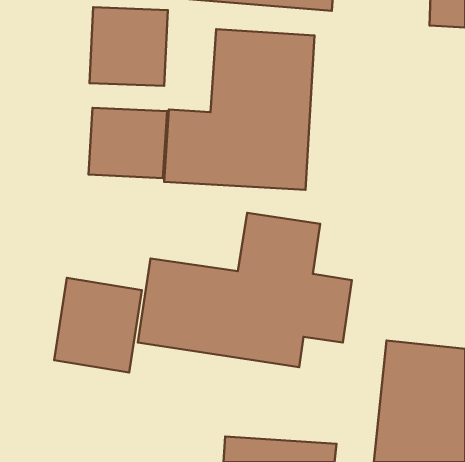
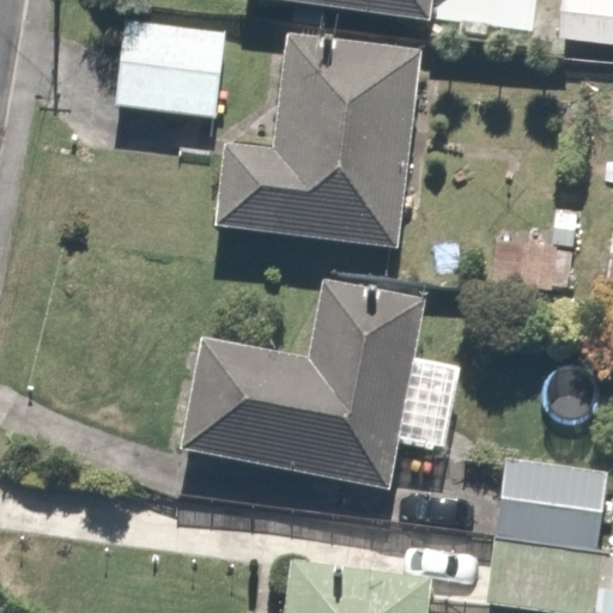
building: [88,108,167,178] -> none
building: [54,278,142,372] -> none

